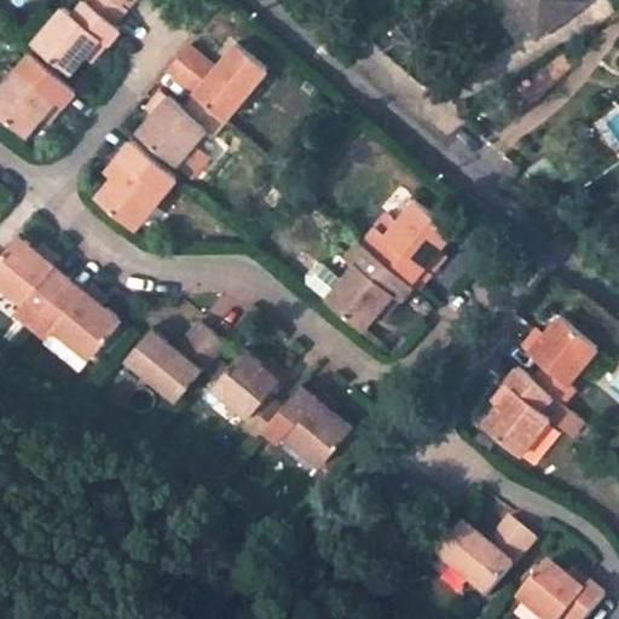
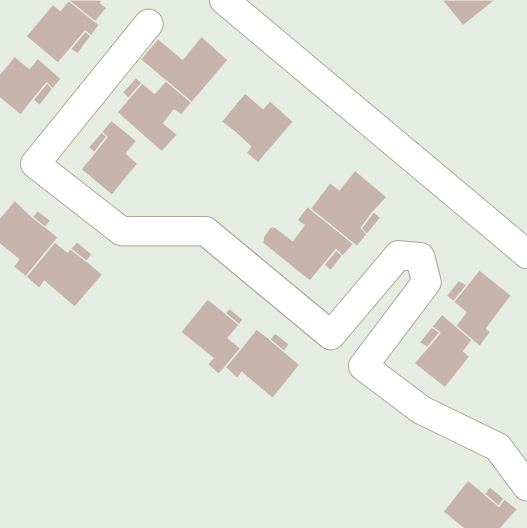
building: none -> [221,93,293,163]
building: [123,323,222,401] -> none
building: [436,517,534,597] -> none

